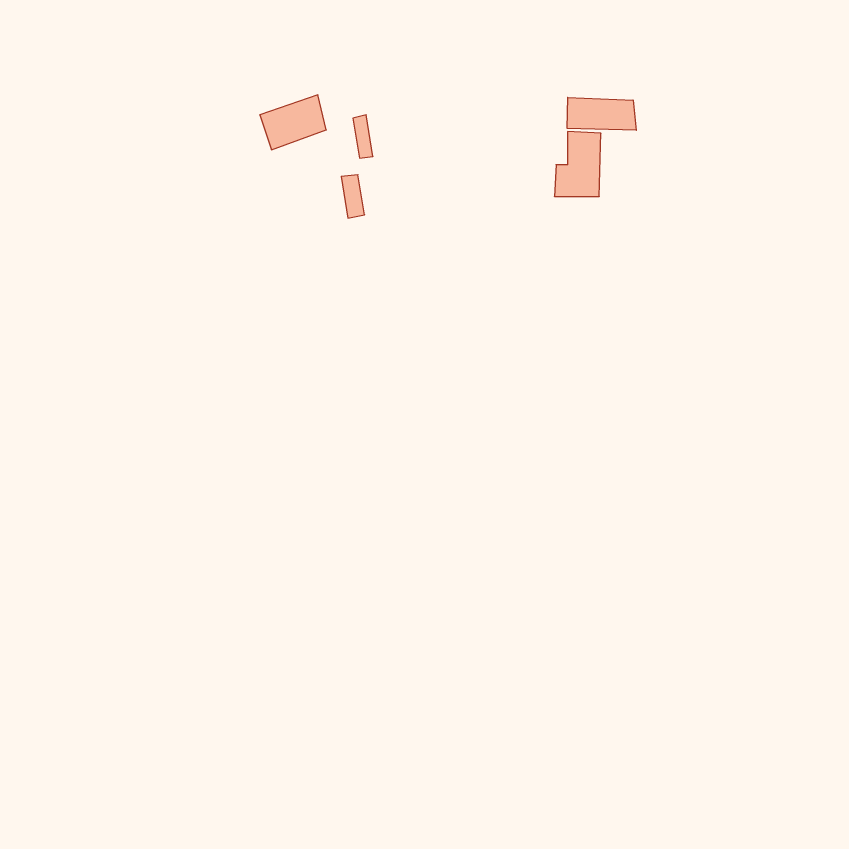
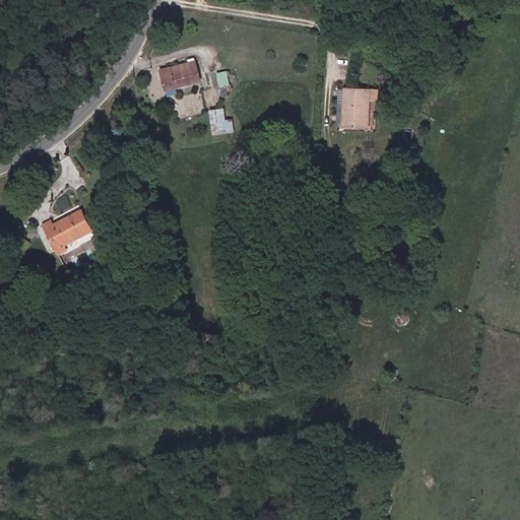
building: [567,97,636,130] -> none
building: none -> [45,214,89,252]

